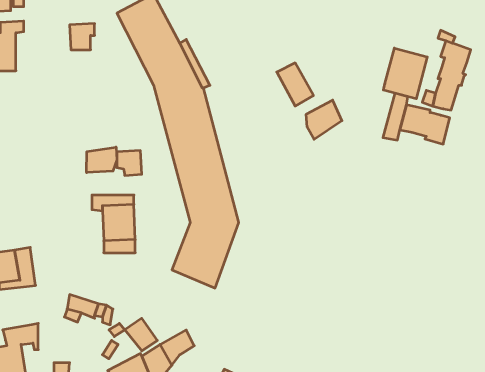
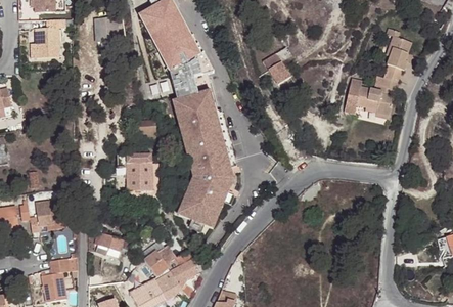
building: [383,48,427,99] -> none
building: [306,100,342,139] -> none
building: [87,147,117,173] -> none
building: none -> [156,247,191,272]

